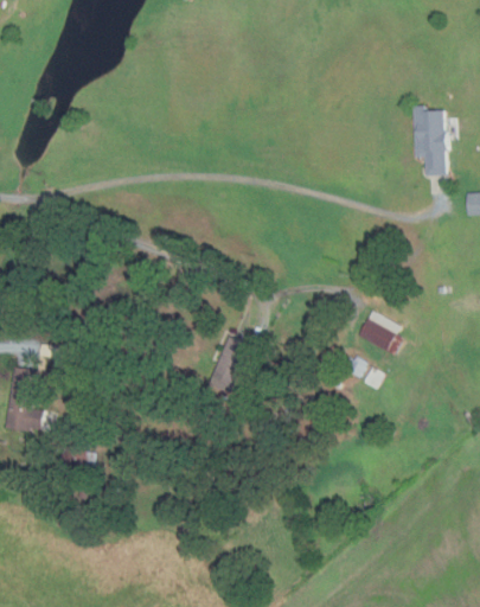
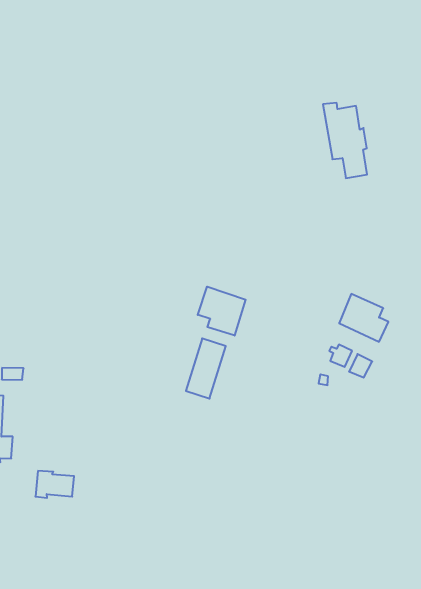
building: [412,106,449,177] -> [323,103,367,178]
building: none -> [198,287,246,336]

